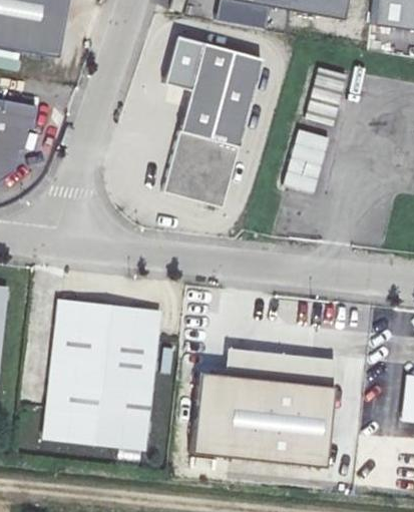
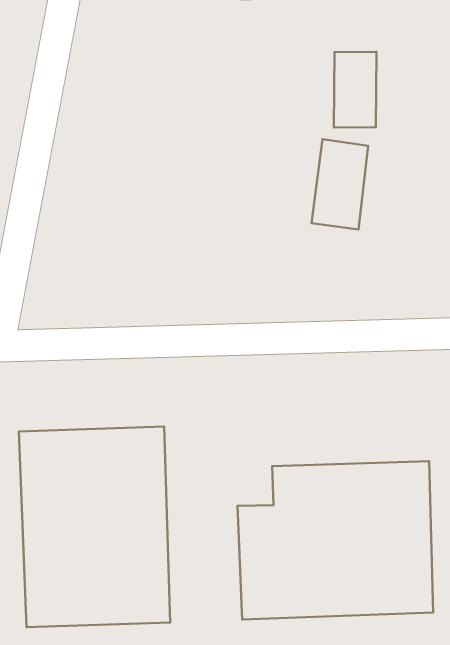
building: [161,37,261,202] -> none

